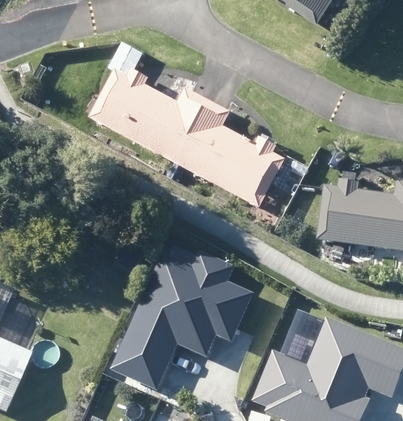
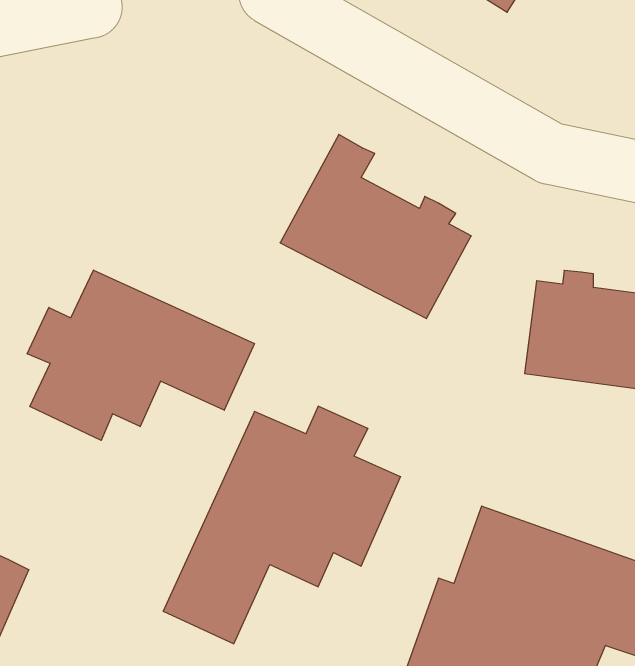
building: [94,66,214,162] -> none
building: none -> [27,270,254,440]

